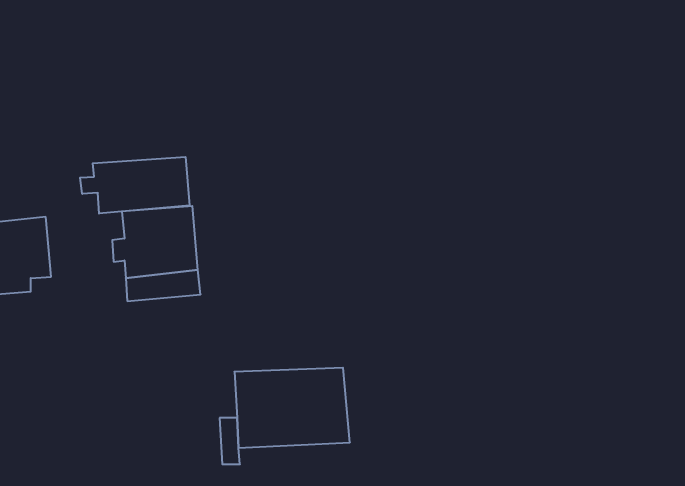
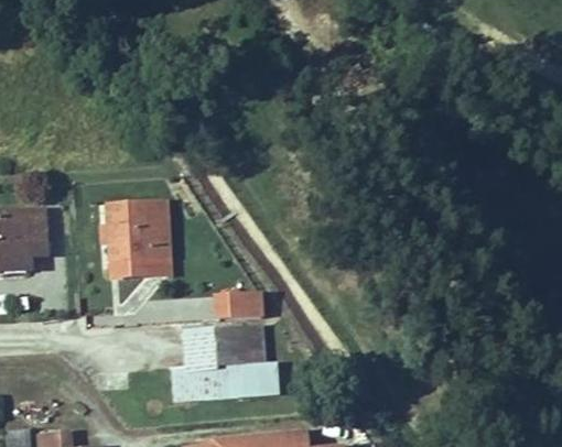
building: [80,157,190,214] -> none
building: none -> [213,301,264,328]

